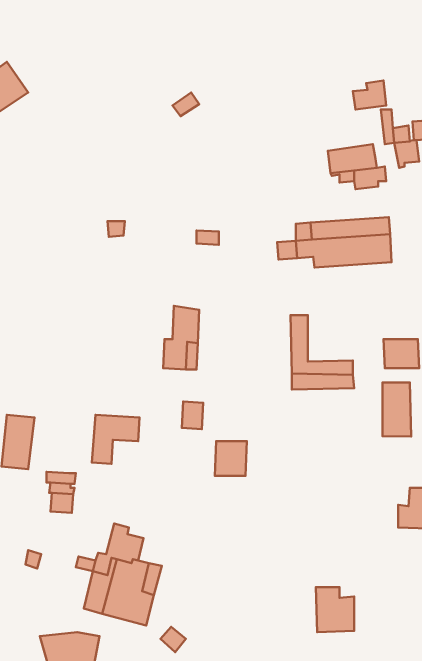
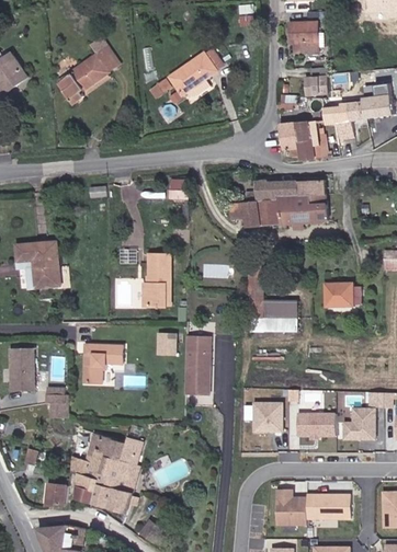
building: none -> [295,24,324,53]
building: none -> [61,37,123,101]
building: none -> [170,46,222,97]
building: none -> [18,239,63,285]
building: [382,382,411,437] -> none
building: none -> [188,337,213,367]
building: none -> [249,401,280,433]
building: none -> [292,411,330,437]
building: none -> [48,479,69,507]
building: none -> [306,491,350,517]

